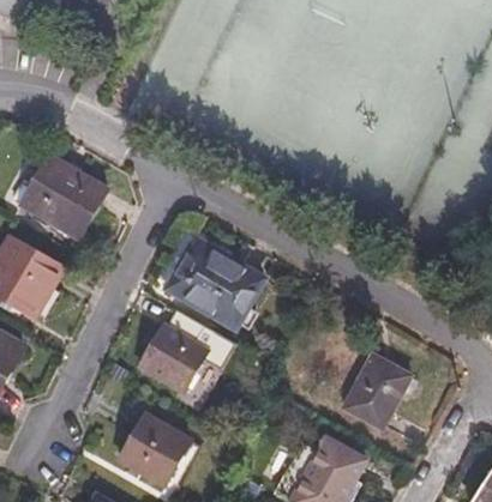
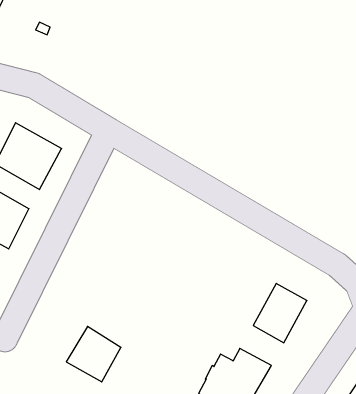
building: [163,240,258,326] -> none
building: [138,312,215,395] -> none

